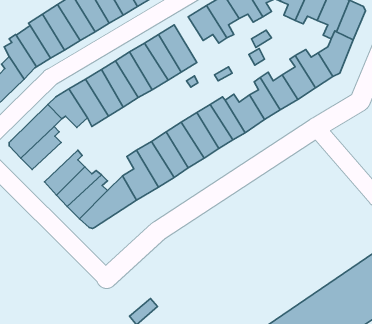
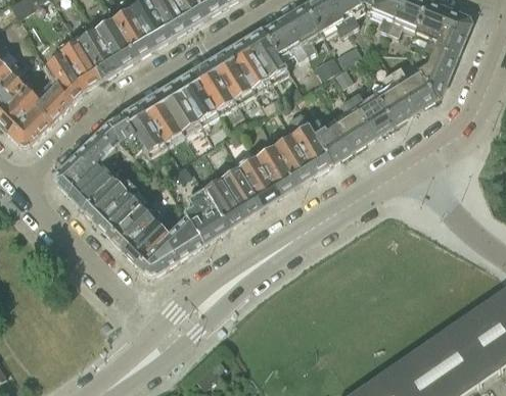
building: none -> [247,31,291,84]
building: none -> [82,177,135,222]

